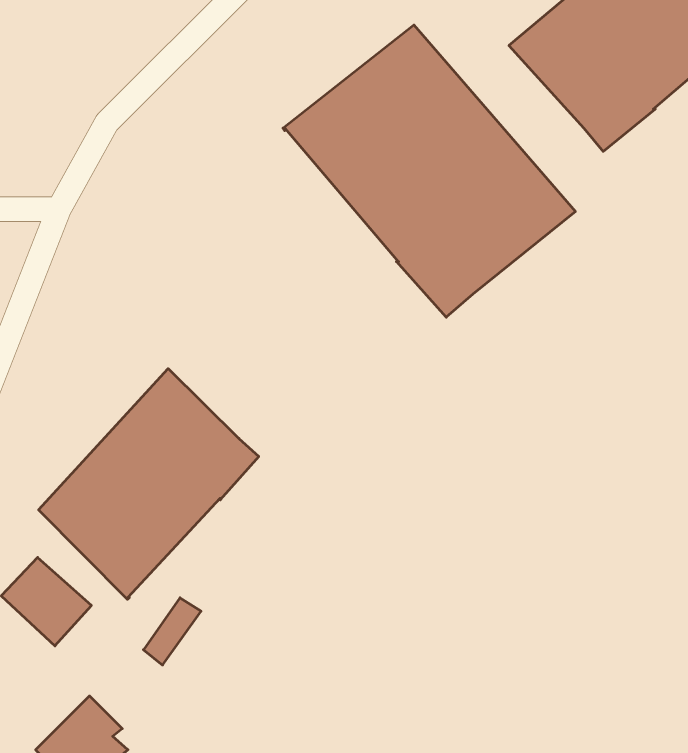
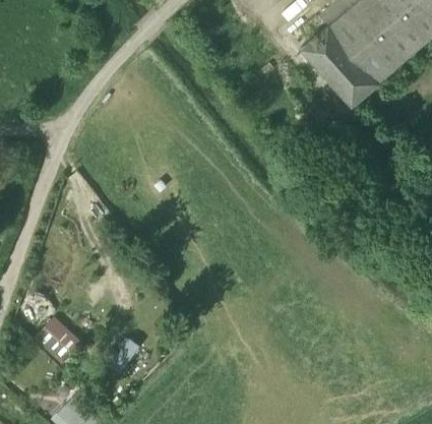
building: [283,25,575,317] -> none
building: [39,369,259,599] -> none

